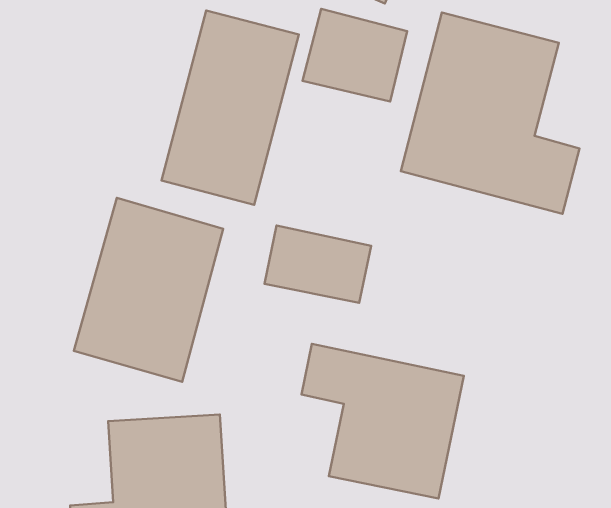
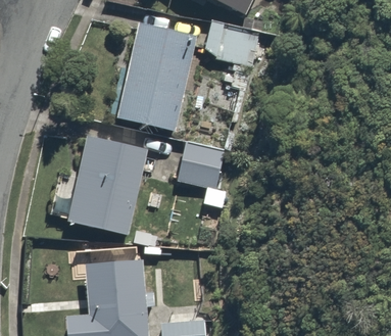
building: [401,13,580,214] -> none
building: [302,344,464,499] -> none

